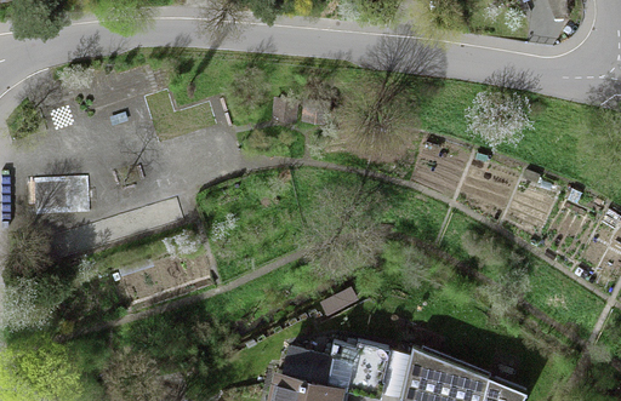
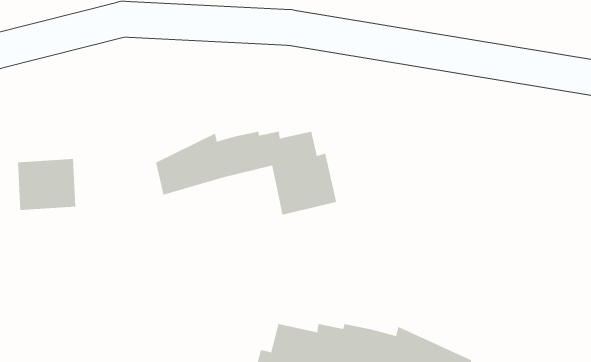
building: none -> [156,131,337,216]

